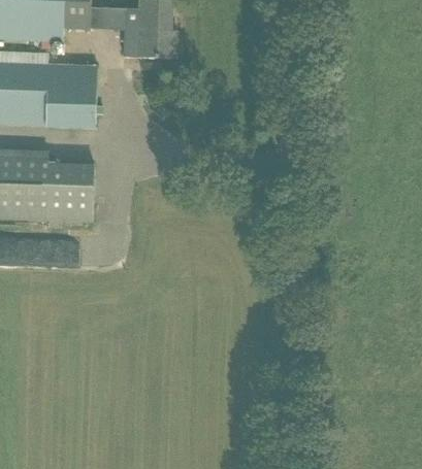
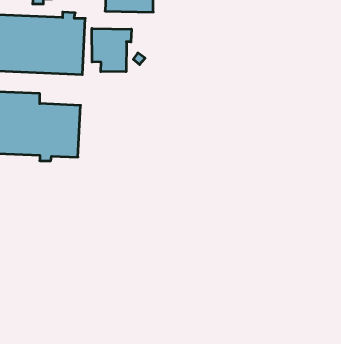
building: none -> [92,28,131,72]

